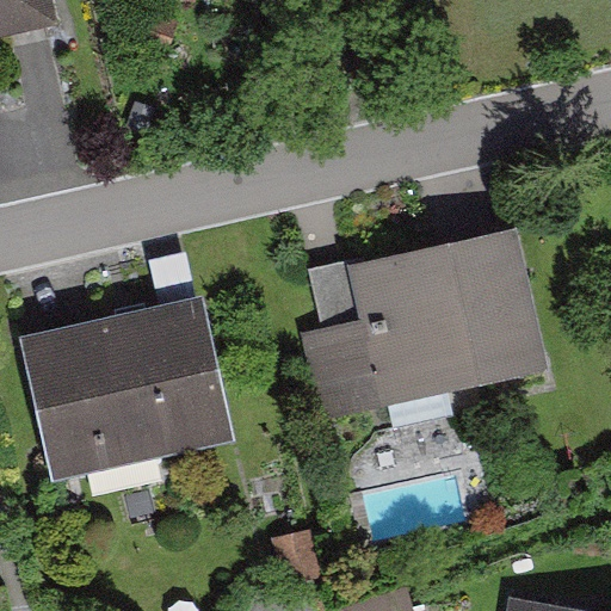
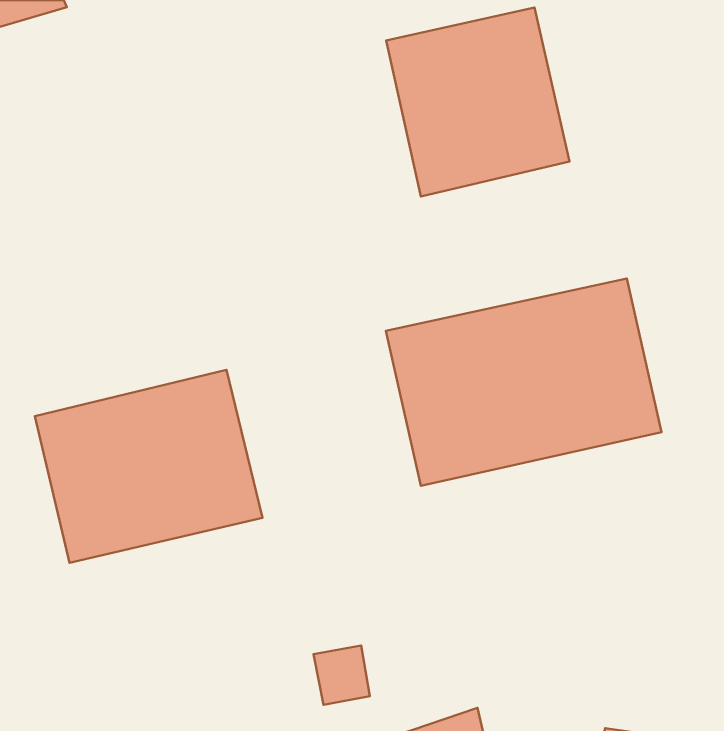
building: none -> [386,8,569,197]

